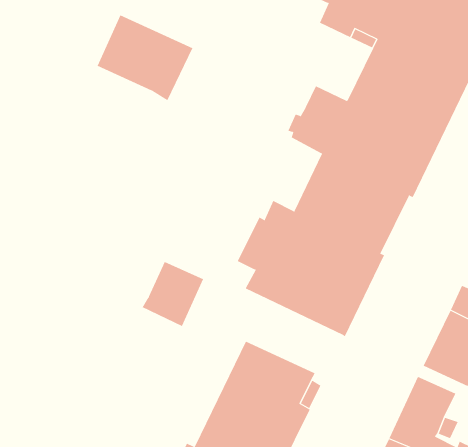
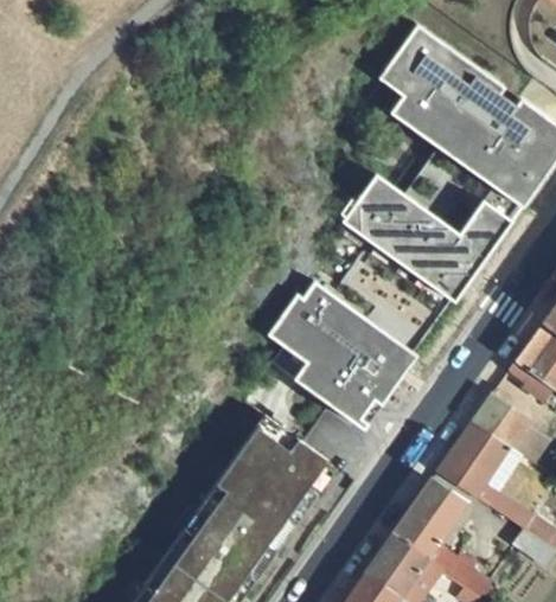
building: [97,14,193,101] -> none
building: [142,261,204,327] -> none

